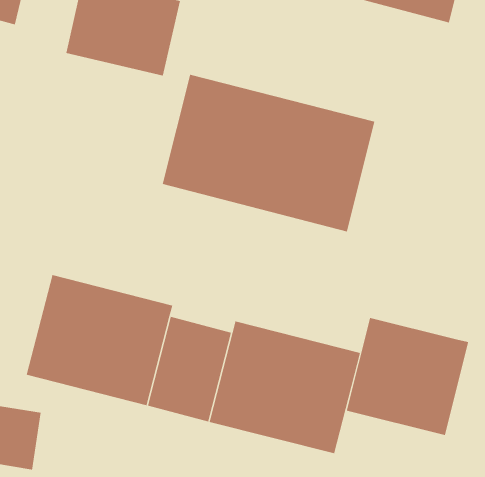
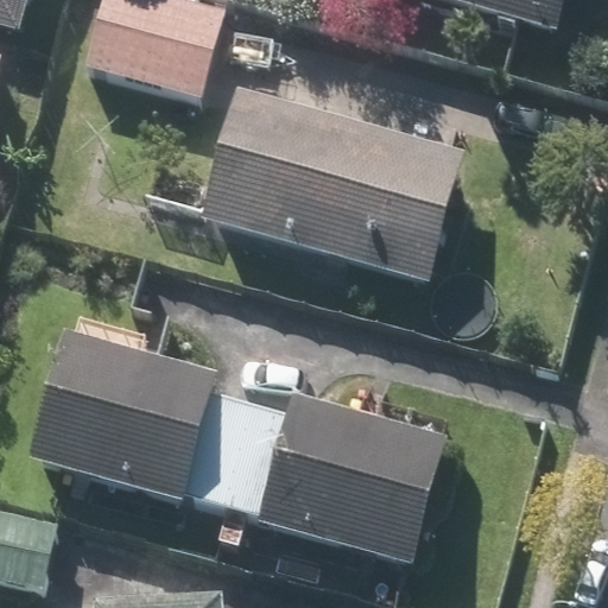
building: [346,317,469,436] -> none

